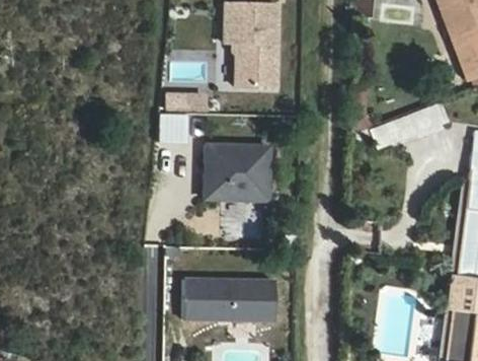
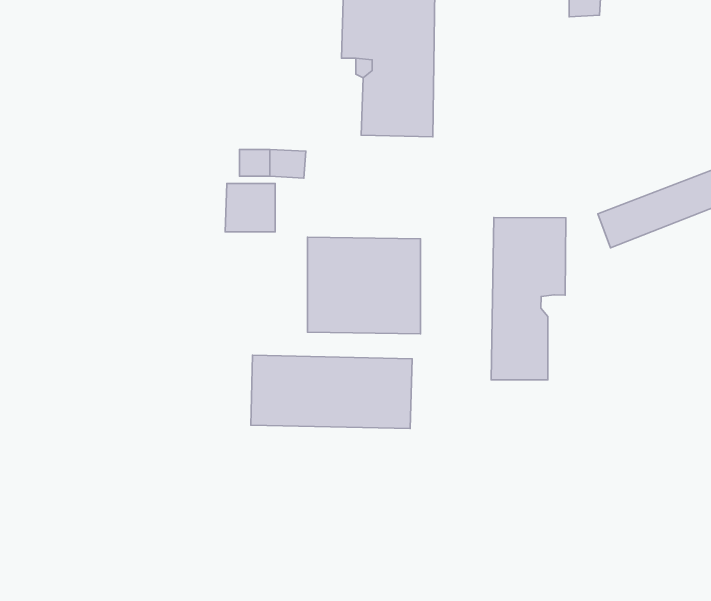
building: none -> [491,218,566,380]
building: [184,279,275,320] -> [251,355,412,429]

